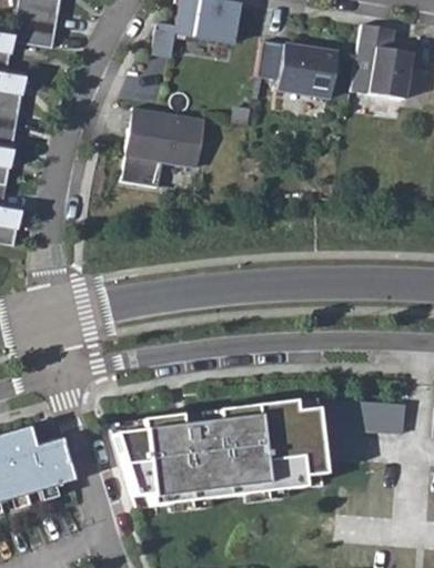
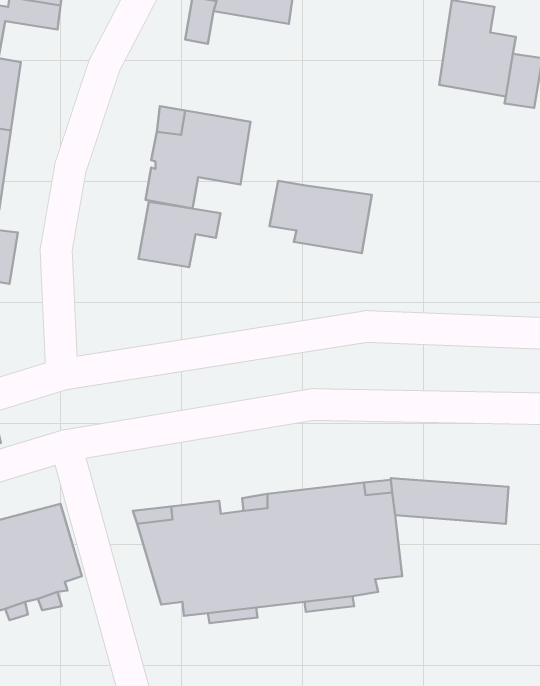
building: [258,41,337,98] -> [270,181,372,253]
building: none -> [138,202,221,267]

